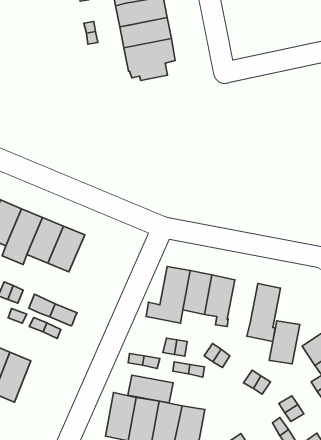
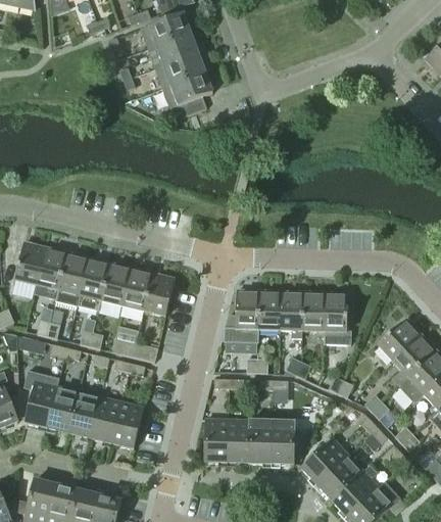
building: none -> [143,273,174,317]
building: [269,321,300,364] -> [301,292,325,331]
building: none -> [111,401,143,448]
building: [128,375,173,403] -> none

